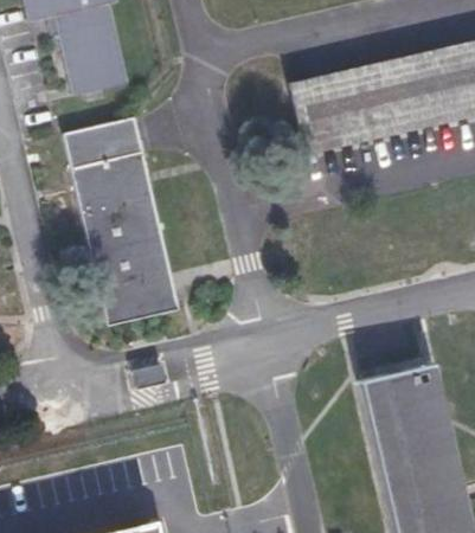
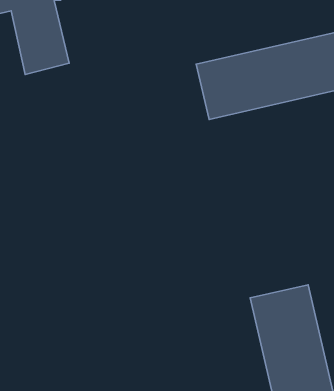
building: [64,117,178,326] -> none

